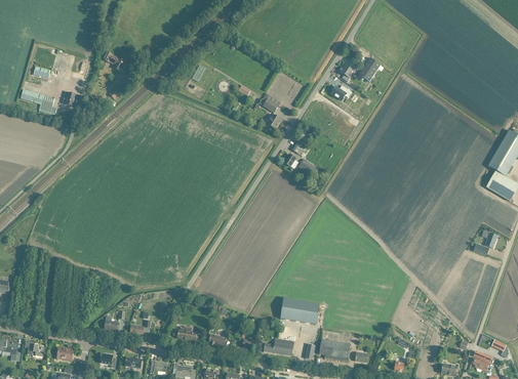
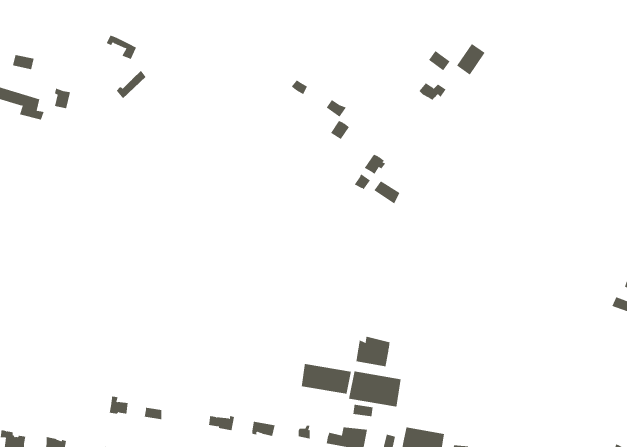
building: none -> [356,336,390,367]
building: none -> [301,363,351,395]

